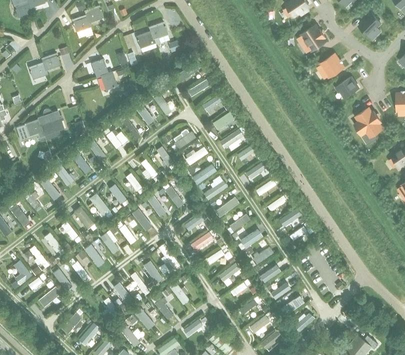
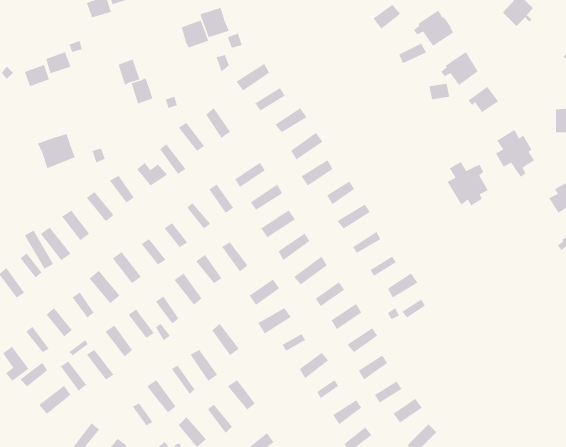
building: [15,120,44,142] -> none
building: none -> [447,161,489,207]

